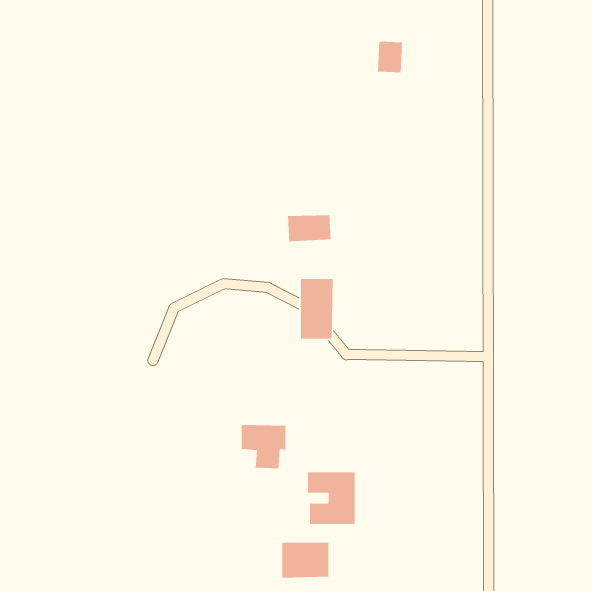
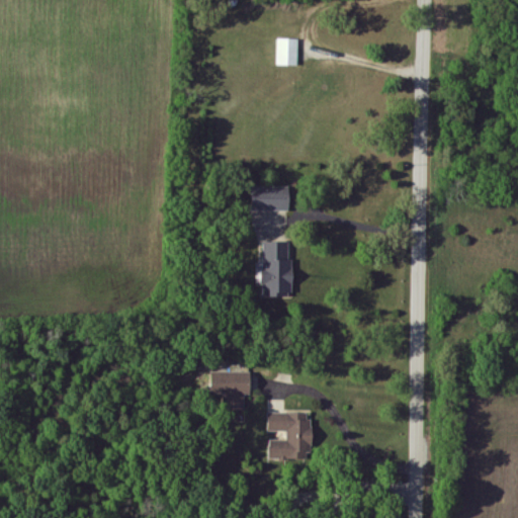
building: [377,41,403,73] -> [277,38,299,67]
building: [282,542,329,578] -> none

